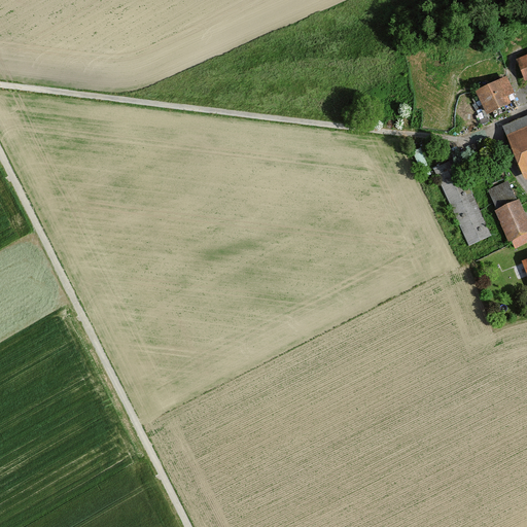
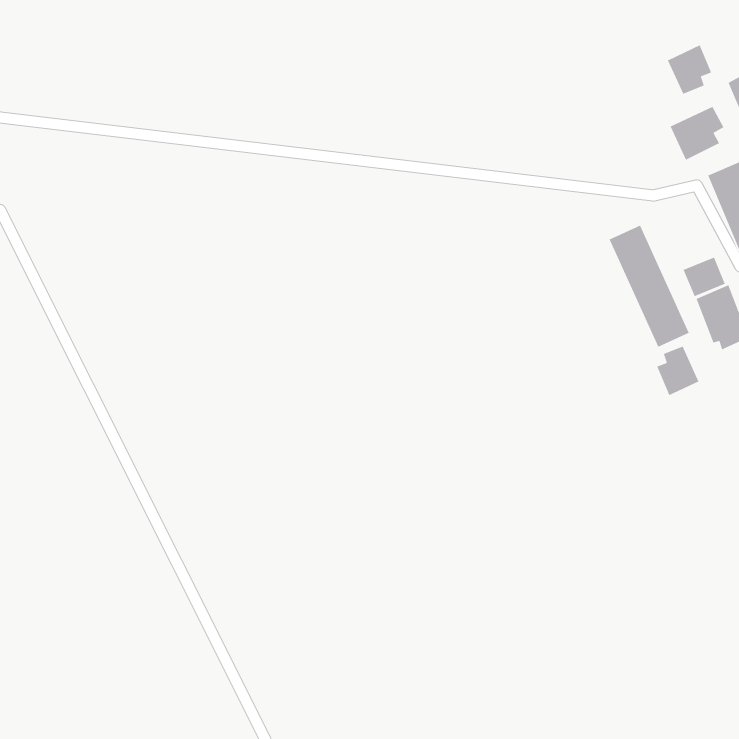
building: none -> [667,44,712,95]
building: none -> [656,345,700,396]

